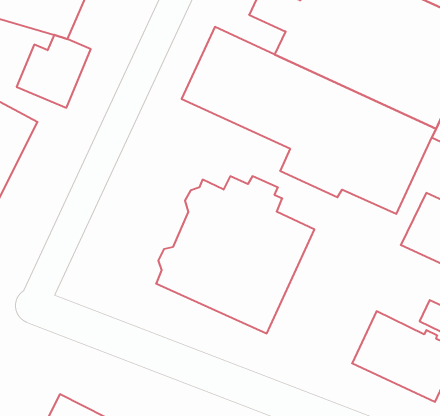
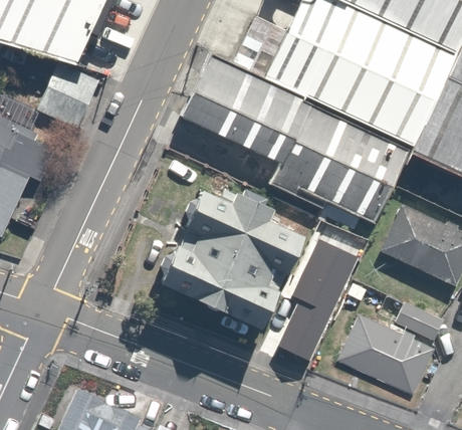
building: none -> [284,239,362,372]

